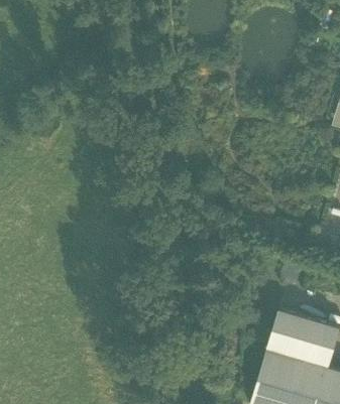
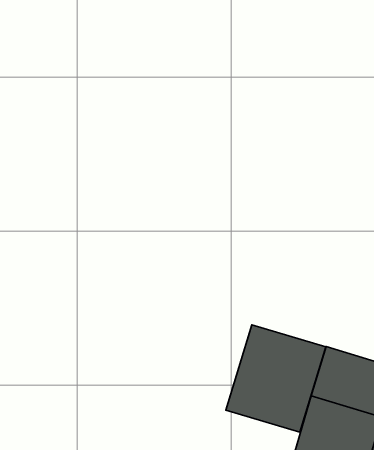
building: none -> [226,325,326,432]

